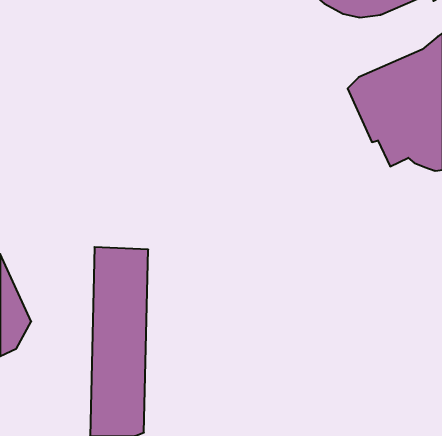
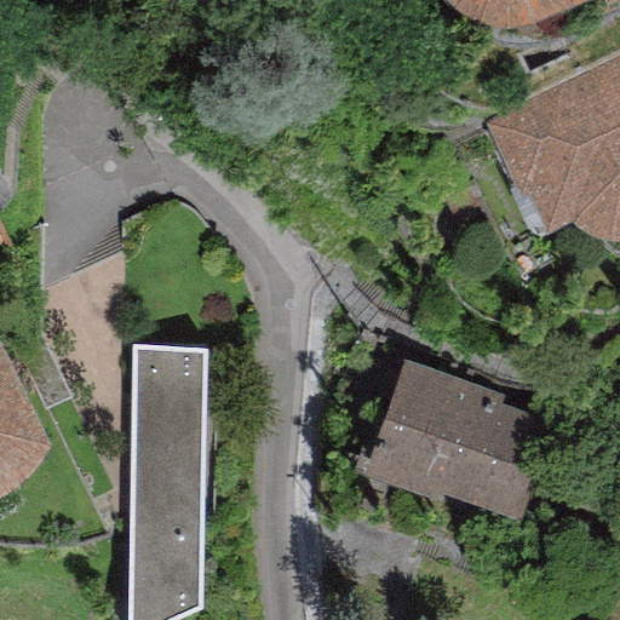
building: none -> [363,357,552,522]

